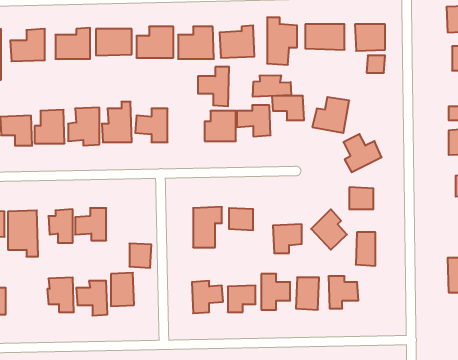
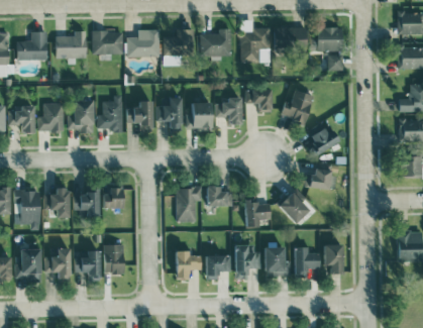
building: [198,67,229,106] -> [155,98,183,132]
building: [253,75,291,97] -> none
building: [356,232,375,266] -> [326,245,343,275]
building: [129,243,151,268] -> [106,188,125,209]
building: none -> [16,249,41,281]

